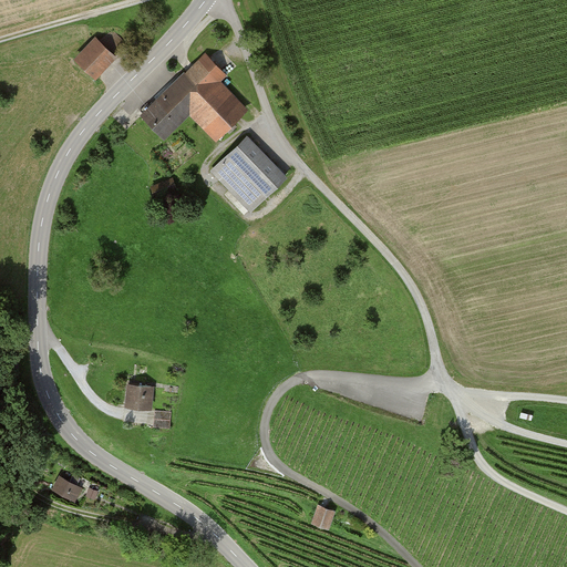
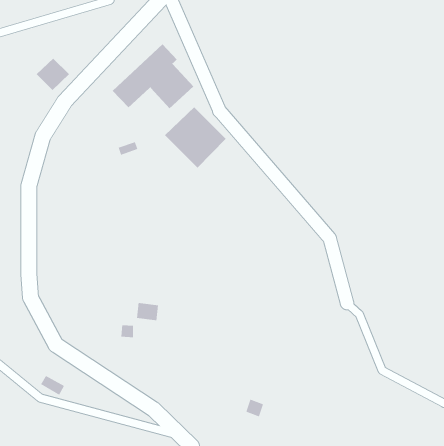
building: [74,37,117,79] -> [36,58,70,91]
building: [125,384,154,408] -> [136,303,159,321]

